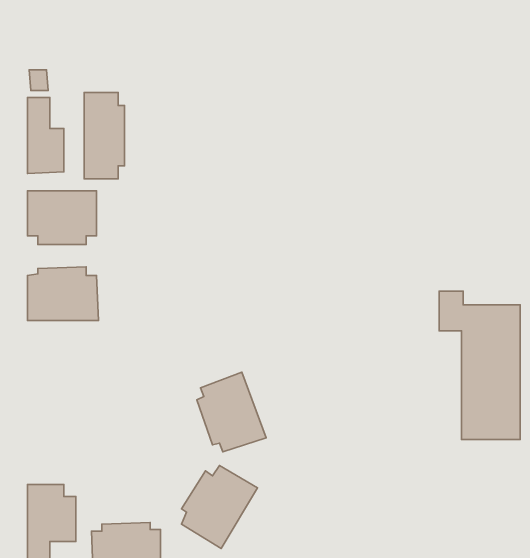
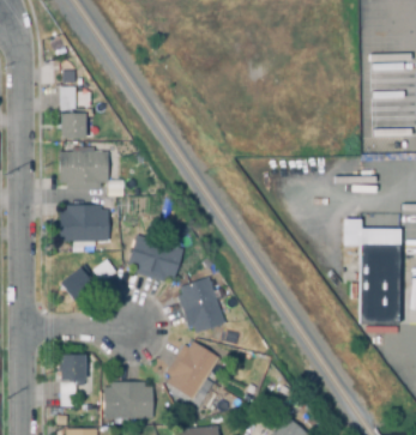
building: [84,92,125,179] -> none
building: none -> [127,235,183,282]
building: none -> [59,259,116,302]

